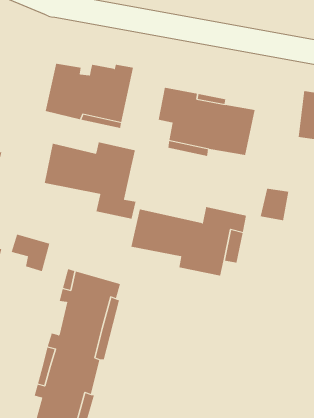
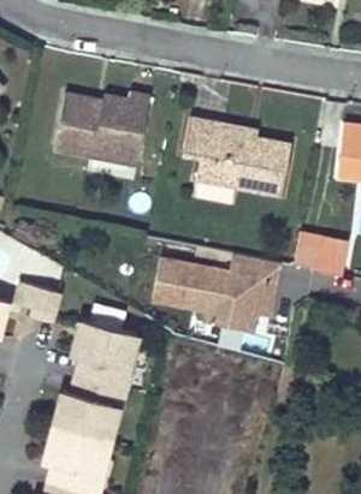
building: [44,142,136,219] -> none

